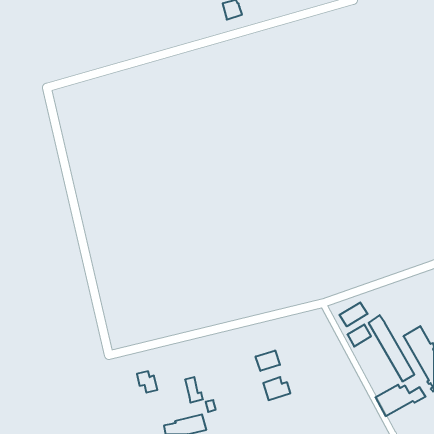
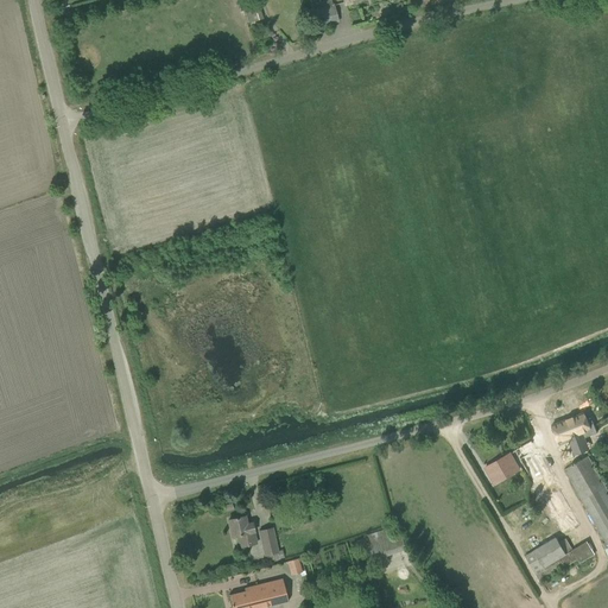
building: none -> [552,412,590,445]
building: [339,302,368,326] -> none
building: [256,350,280,371] -> none
building: [137,371,157,393] -> [229,517,258,546]

